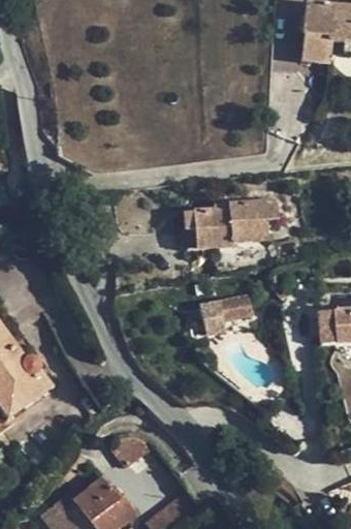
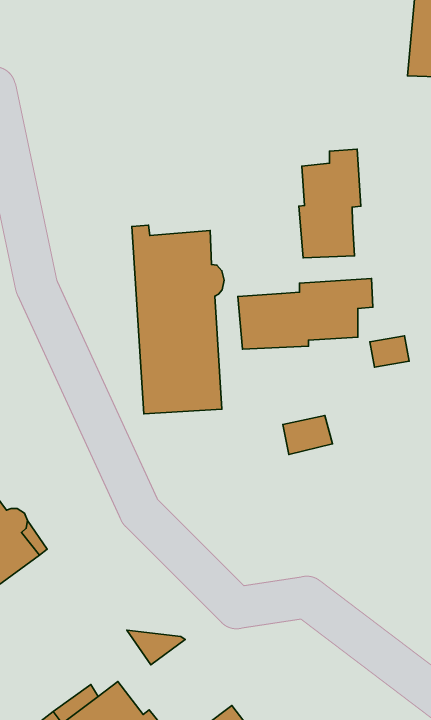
building: none -> [299,149,361,258]
building: none -> [132,225,224,414]

